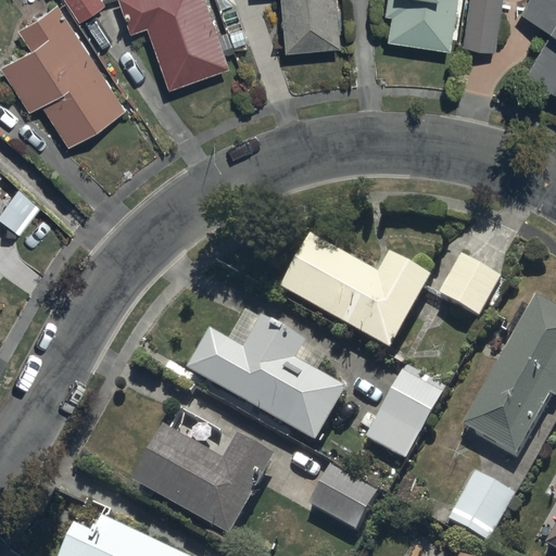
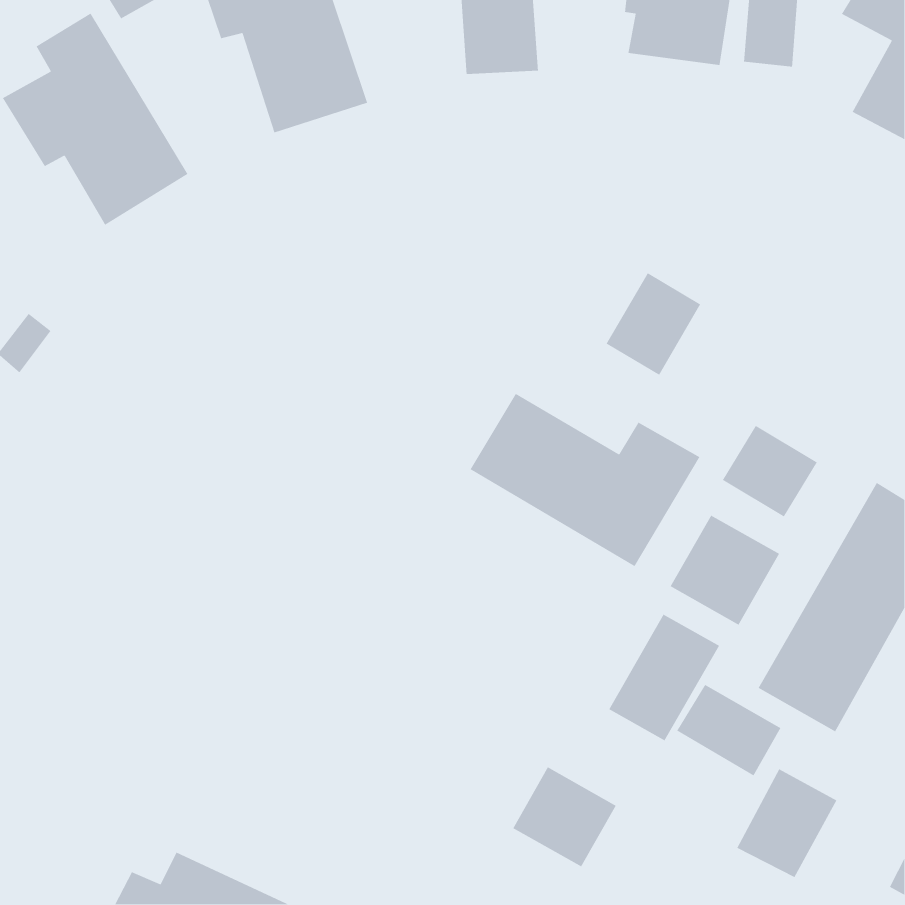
building: none -> [606,272,701,376]
building: none -> [669,514,780,626]
building: [197,319,346,441] -> none
building: none -> [676,684,782,776]
building: [141,430,275,531] -> none

